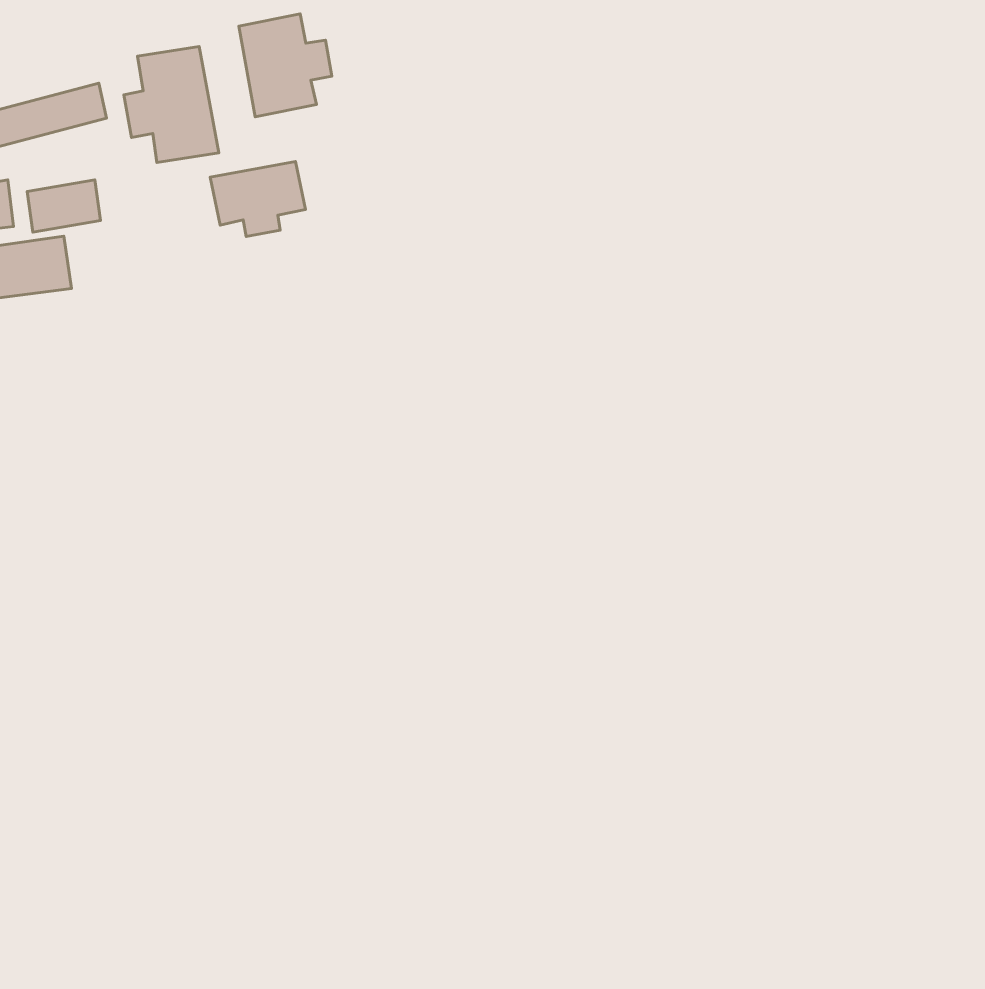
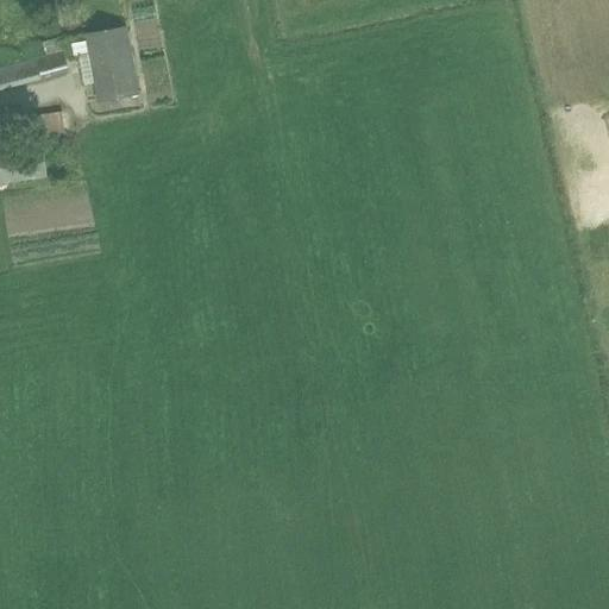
building: [239,14,332,117] -> none
building: [210,162,306,236] -> none

